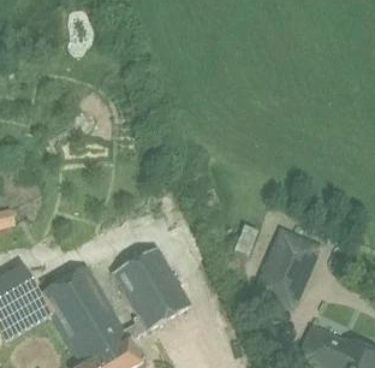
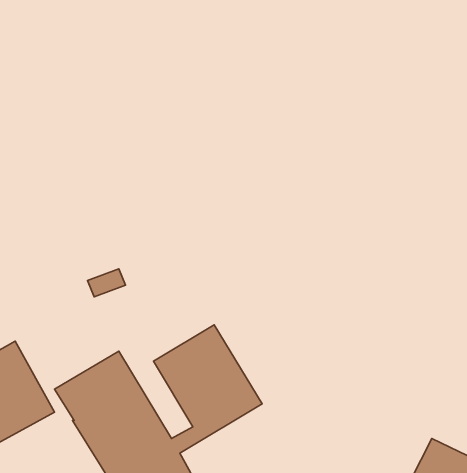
building: [254,232,310,315] -> none

